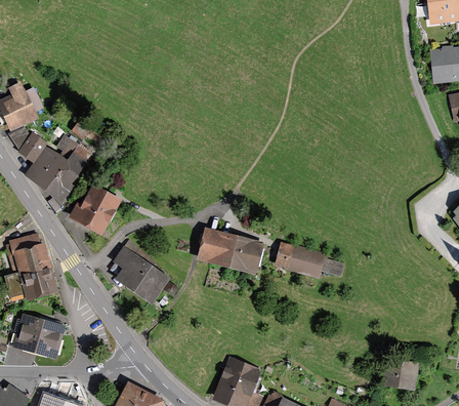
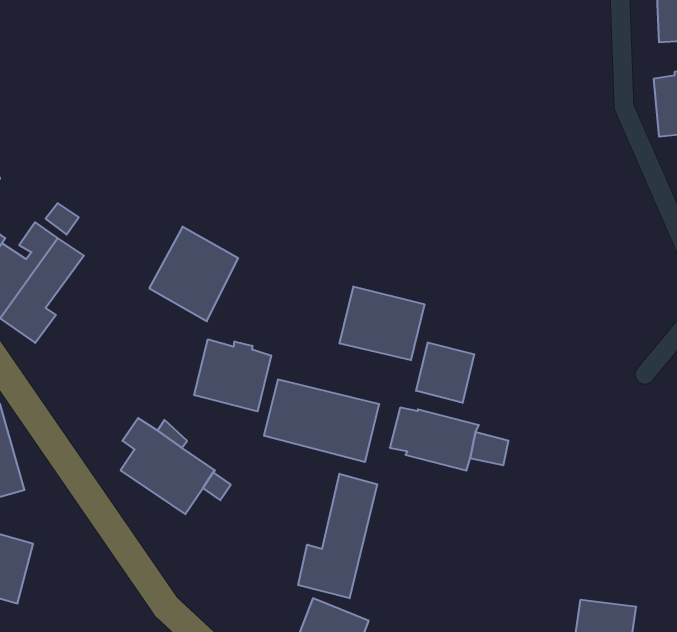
building: none -> [340,286,425,360]
building: [69,182,121,238] -> [149,227,238,321]
building: none -> [194,339,271,411]
building: none -> [416,342,474,403]
building: none -> [298,474,377,598]

